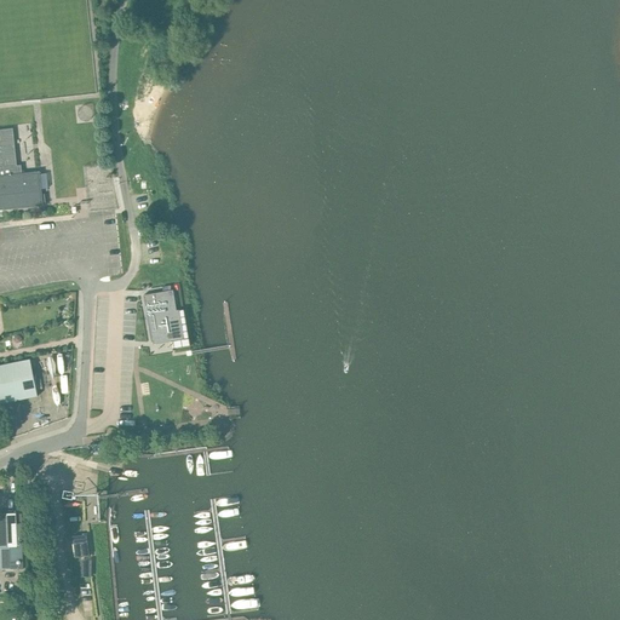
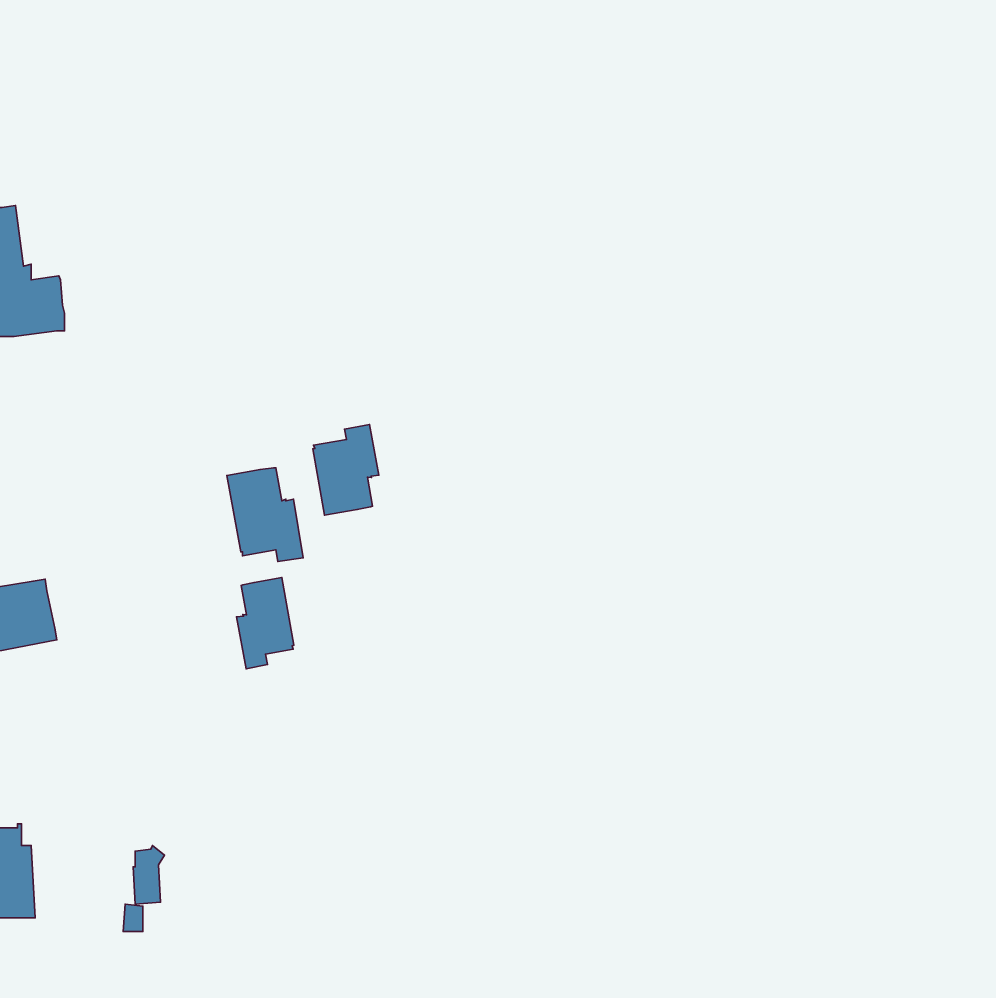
building: none -> [313,424,379,515]
building: none -> [237,578,294,669]

